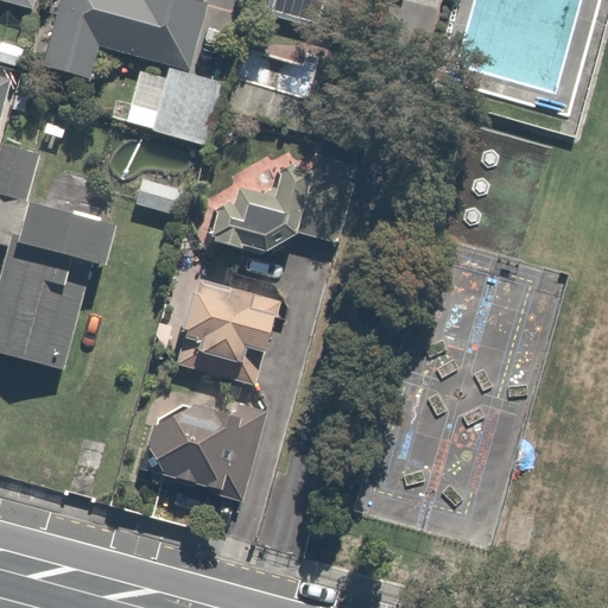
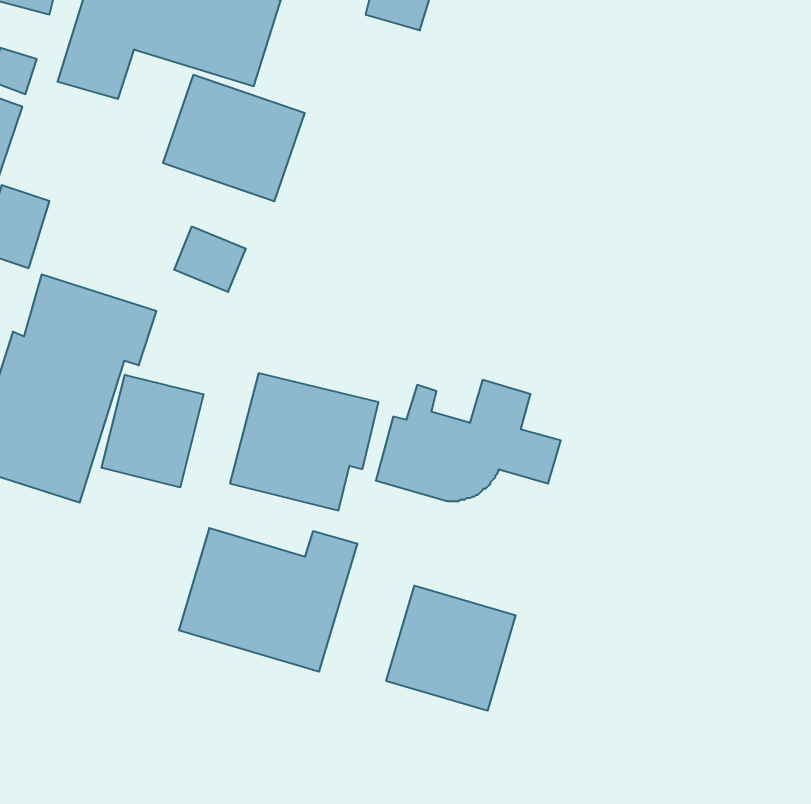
building: [207,164,344,254] -> [376,380,561,501]
building: none -> [102,375,203,487]
building: none -> [386,586,516,711]

